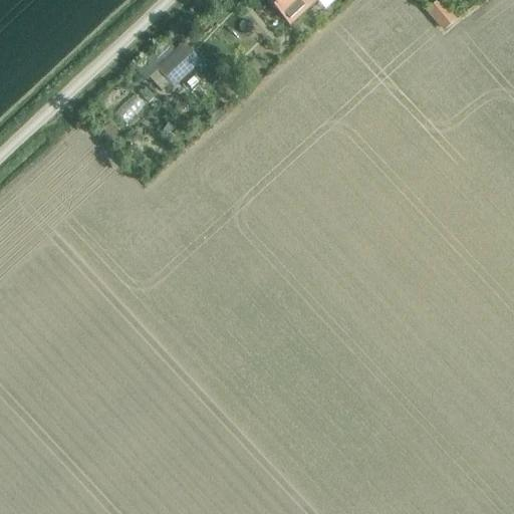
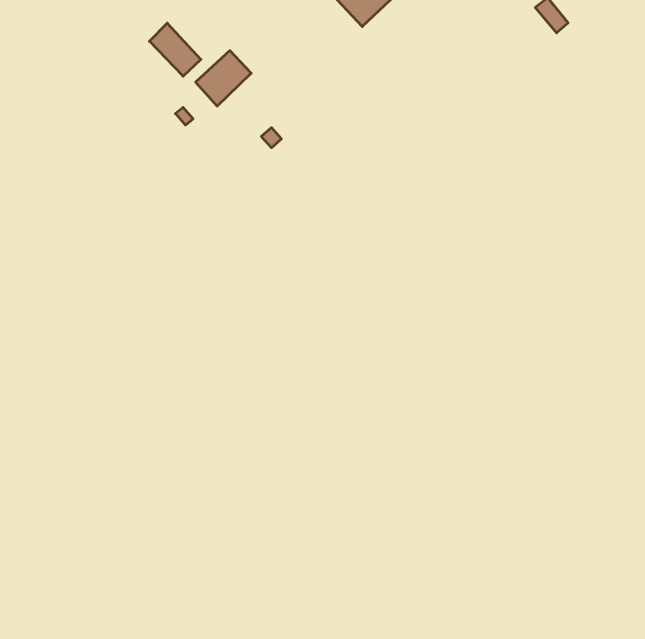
building: none -> [149,23,201,76]

